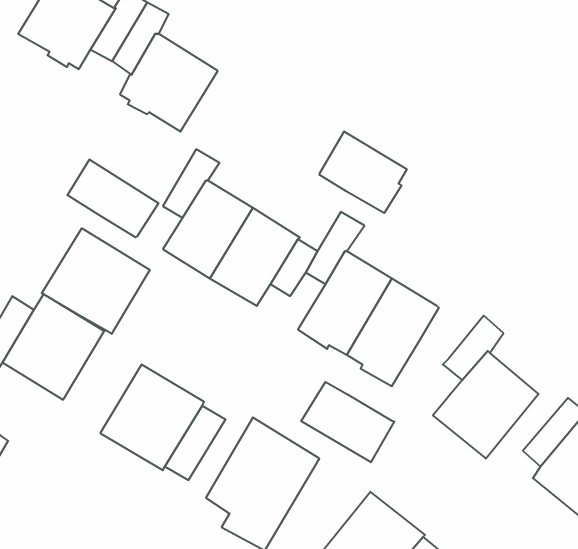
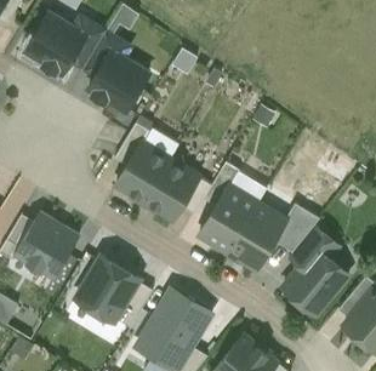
building: [319,131,407,213] -> none
building: [67,159,158,237] -> none
building: [42,228,150,334] -> none
building: none -> [274,204,320,252]
building: [301,382,394,462] -> none

